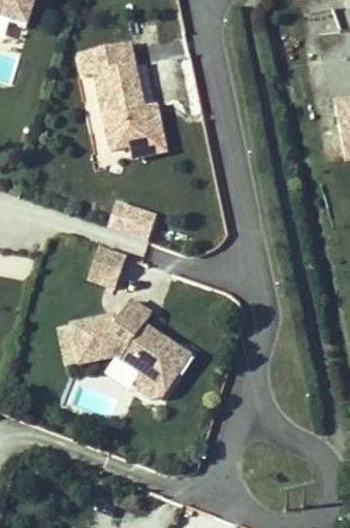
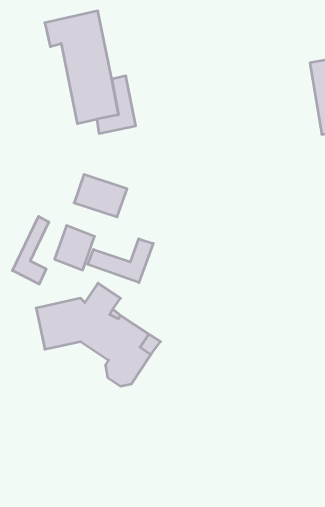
building: none -> [12,216,49,284]
building: none -> [88,239,153,283]

